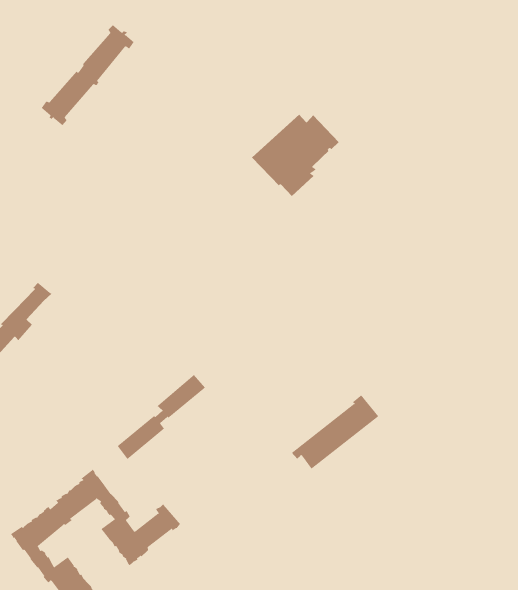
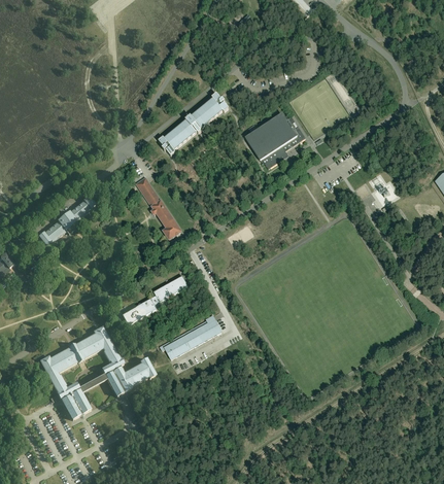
building: [41,24,134,126] -> [158,93,228,154]
building: none -> [136,176,180,239]
building: [291,394,379,470] -> [159,314,221,358]

